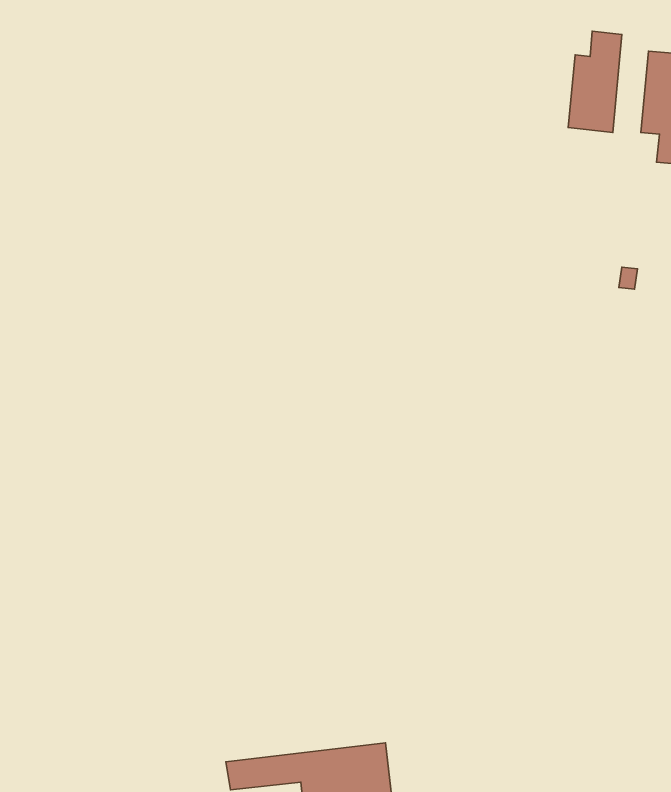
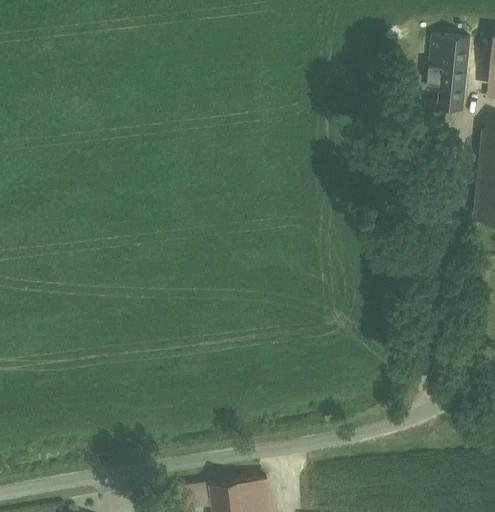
building: [568,31,622,132] -> none

